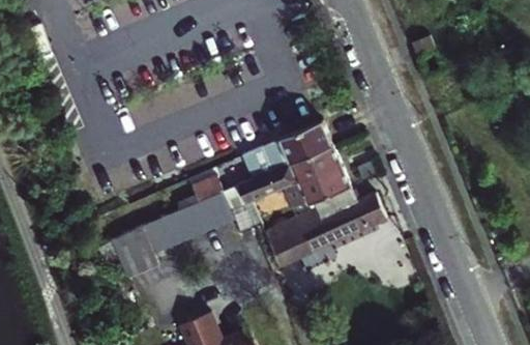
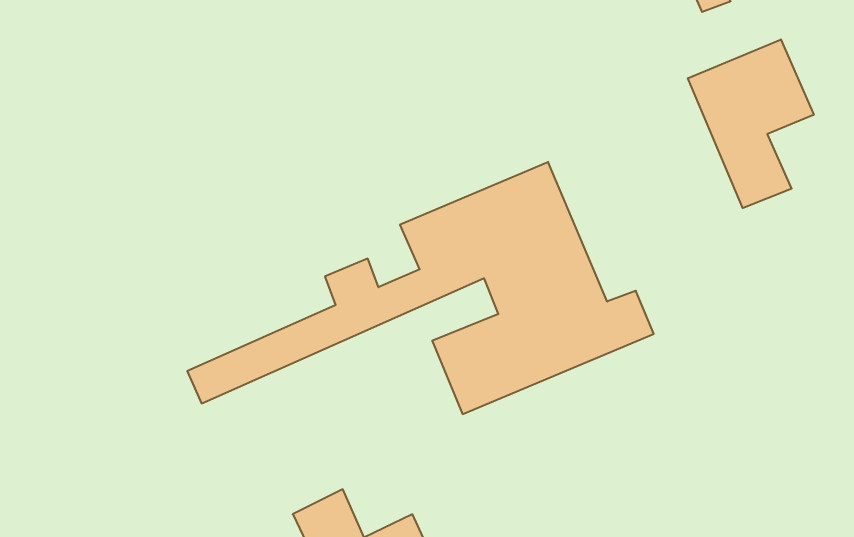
building: none -> [688,39,814,208]

